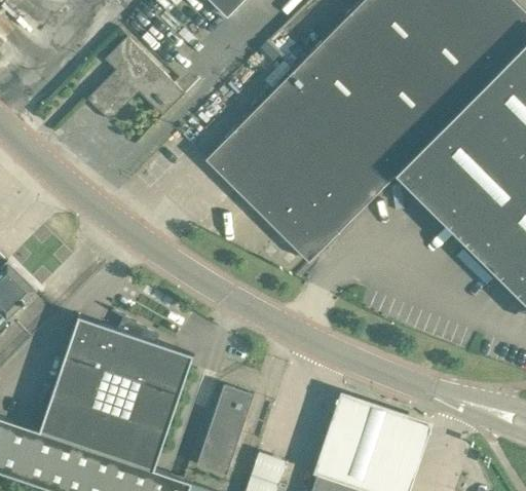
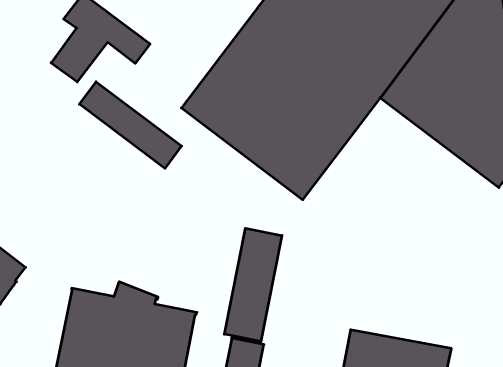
building: none -> [79,82,182,168]
building: none -> [224,228,282,341]

